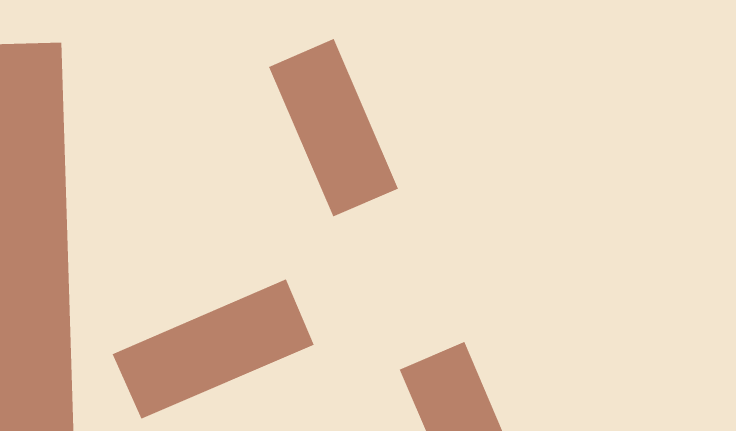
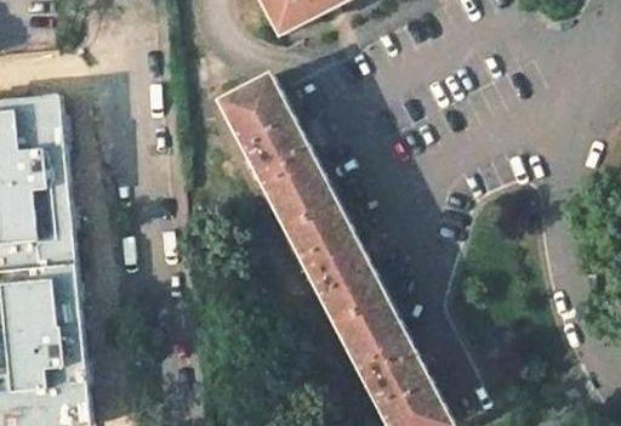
building: none -> [279,191,392,335]
building: [112,278,314,419] -> none

